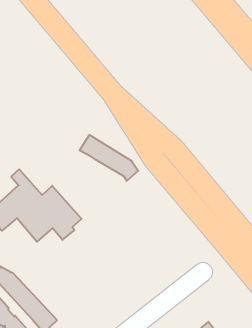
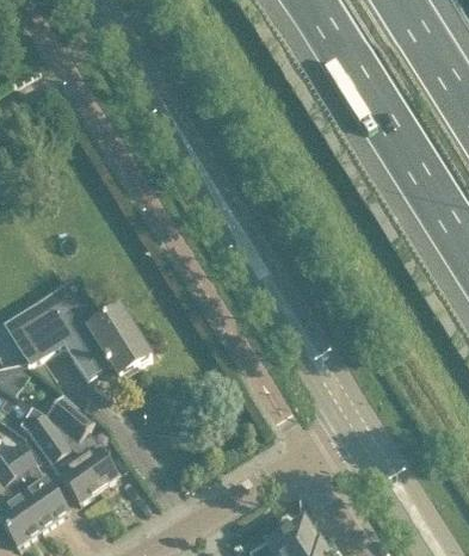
building: [80,135,138,181] -> none
building: none -> [43,395,117,488]

